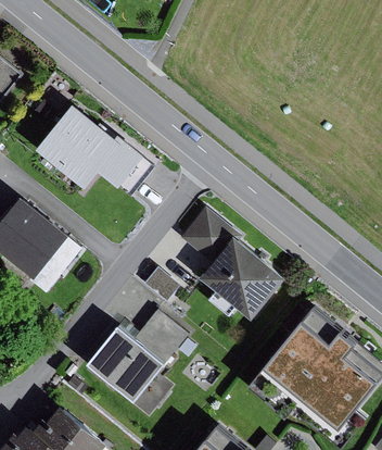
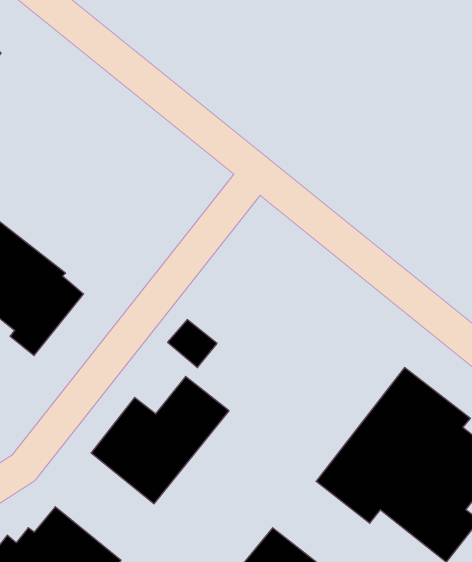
building: [36,105,153,198] -> none
building: [178,208,285,322] -> none

